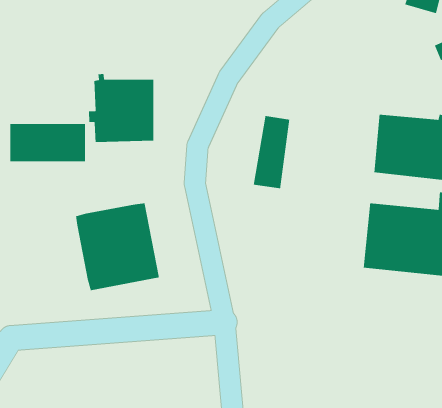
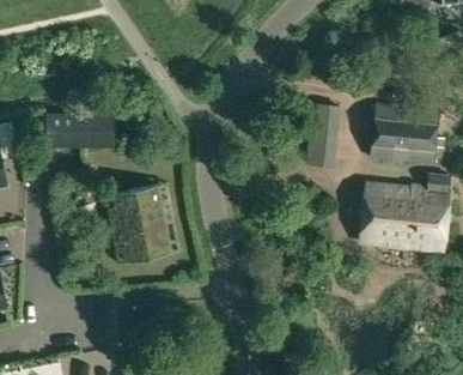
building: [88,73,154,143] -> none
building: [253,115,290,189] -> [307,102,341,168]

